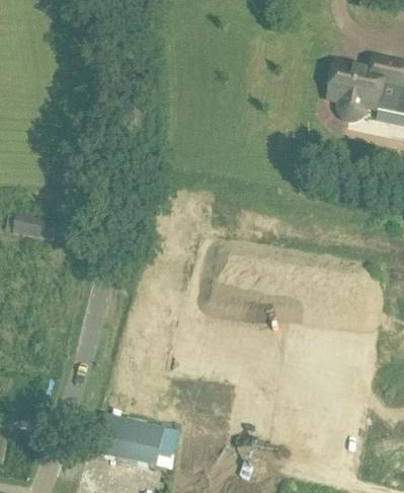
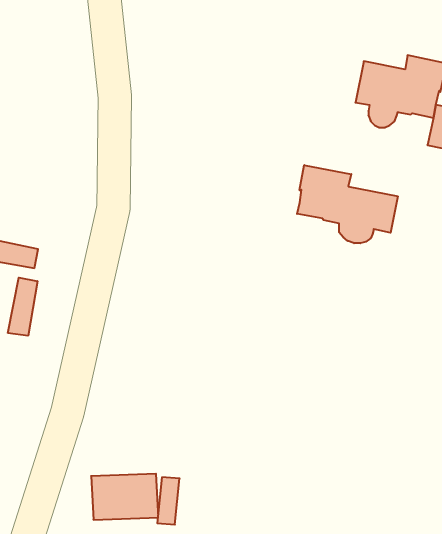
building: none -> [297,165,398,243]
building: none -> [8,278,37,336]

